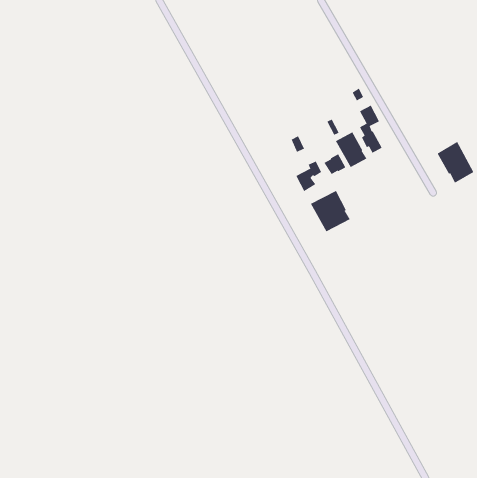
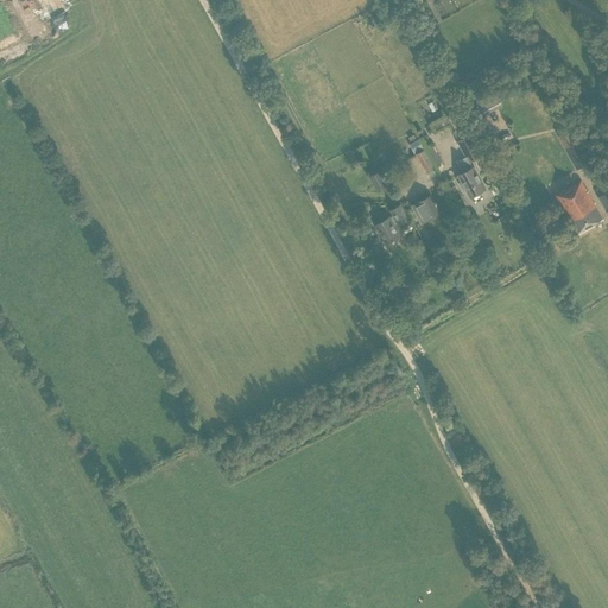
building: [335,131,367,168] -> none
building: [310,190,351,232] -> none

